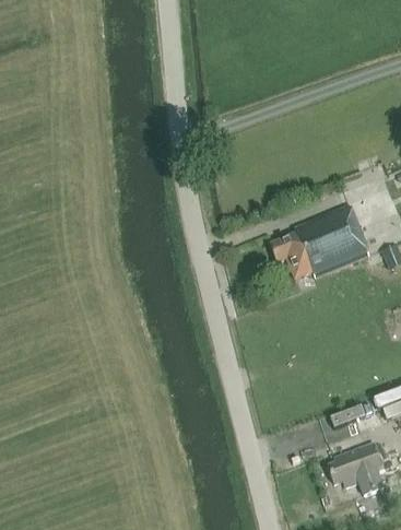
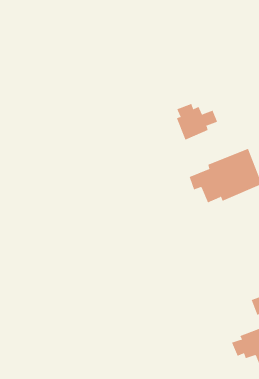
building: none -> [176,103,218,140]

